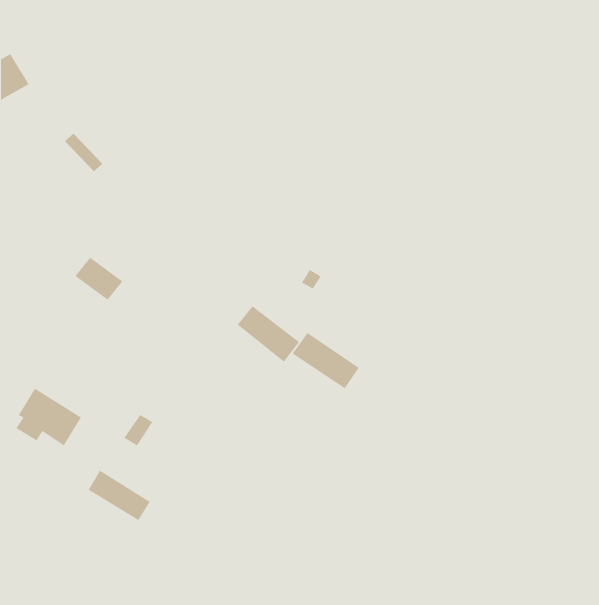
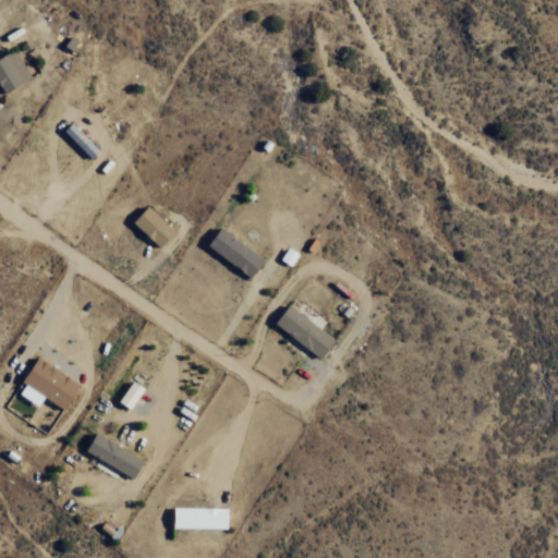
building: [75,257,123,301] -> [133,207,178,247]
building: [237,305,300,362] -> [208,227,266,279]
building: none -> [174,509,231,530]

